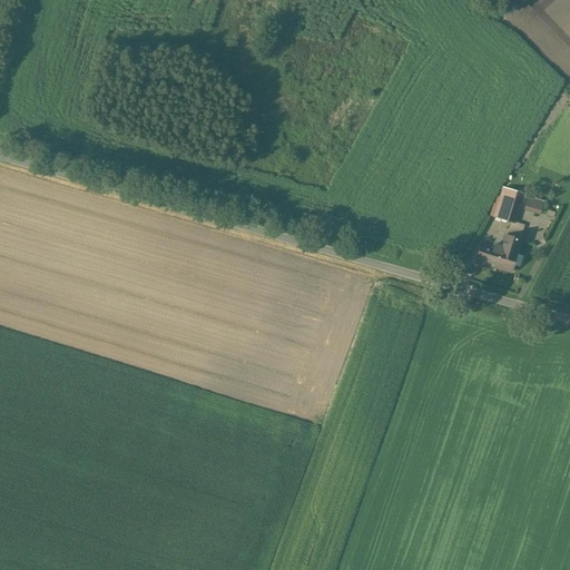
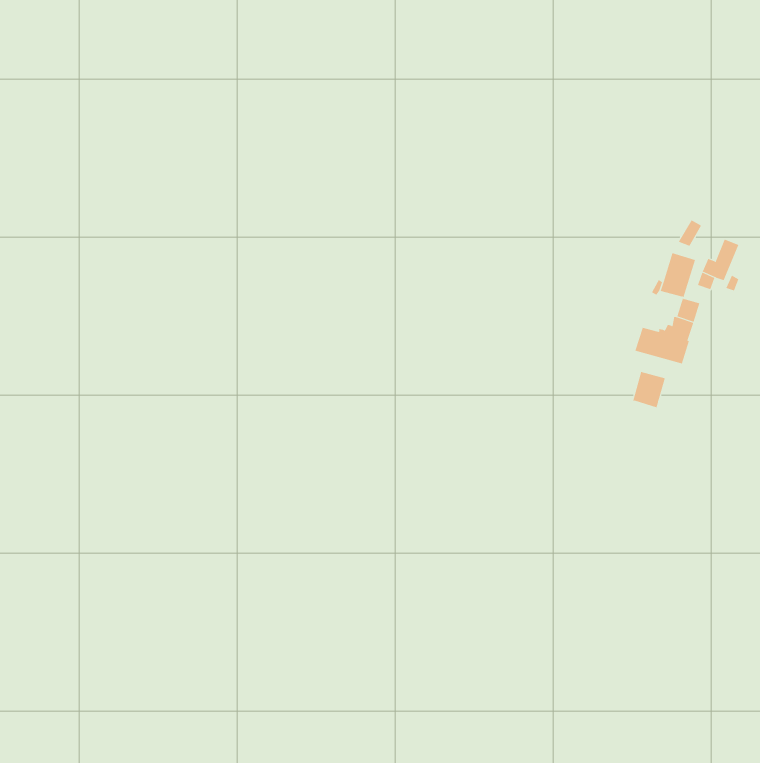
building: none -> [632,371,666,408]

